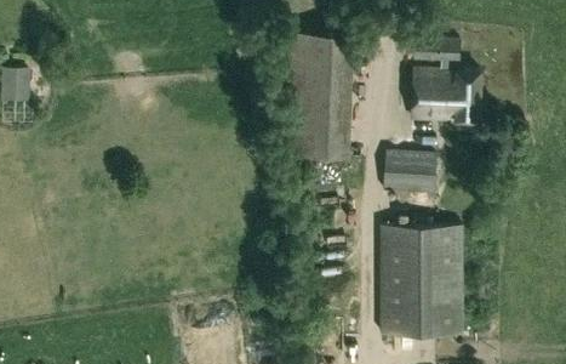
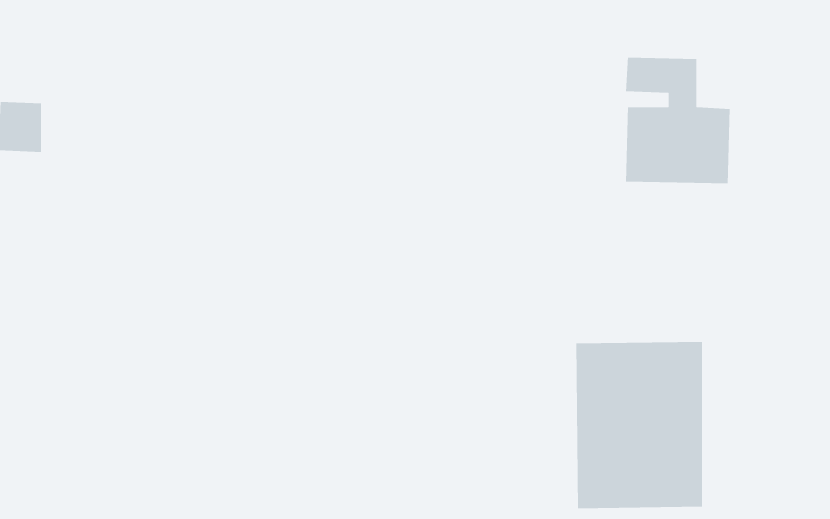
building: [290,29,347,152] -> none
building: [383,150,436,198] -> none

